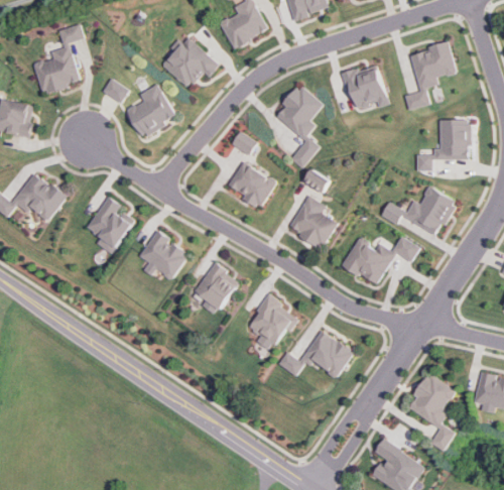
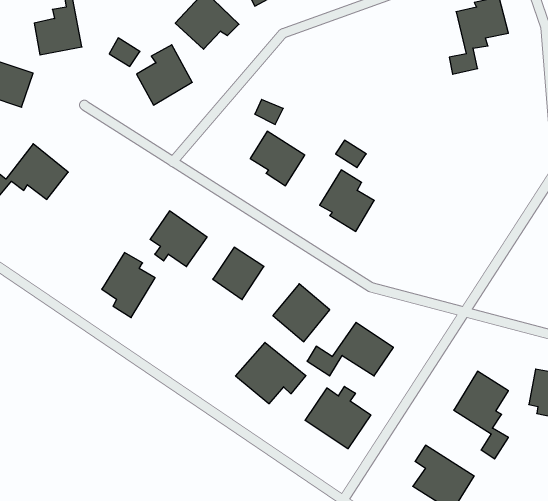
building: [342,63,388,109] -> none
building: [273,85,323,168] -> none
building: [415,118,469,170] -> none
building: [381,186,456,238] -> none
building: [86,197,133,254] -> [102,253,155,318]
building: [341,235,419,285] -> none
building: none -> [236,342,306,404]
building: none -> [305,386,371,449]

